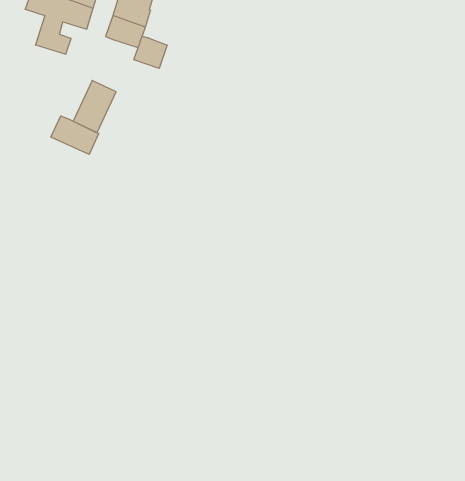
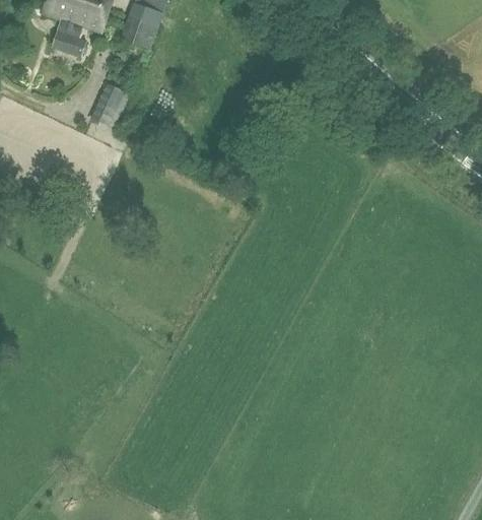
building: [134,36,167,68] -> none
building: [51,116,99,154] -> none

